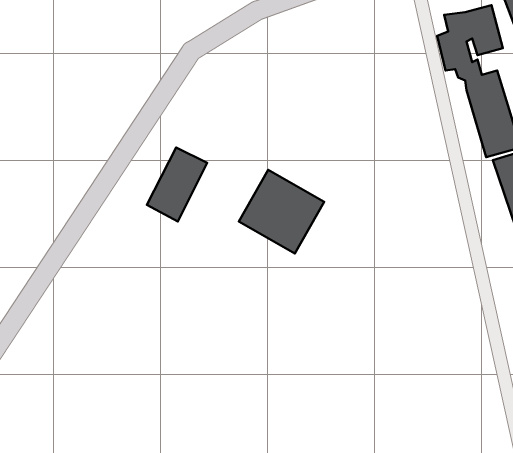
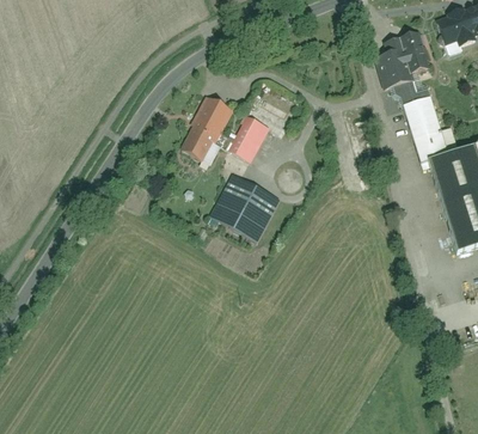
building: none -> [228,115,269,159]
building: [147,147,207,221] -> [180,96,232,159]

